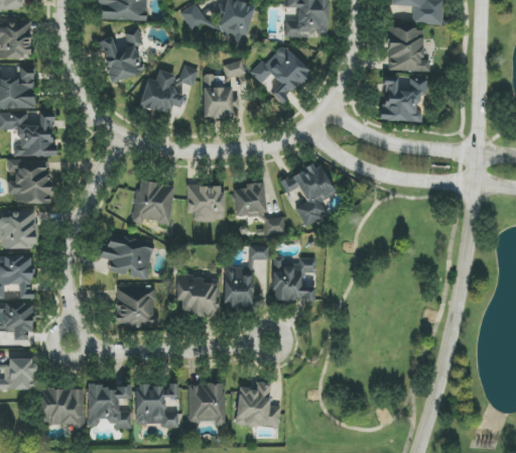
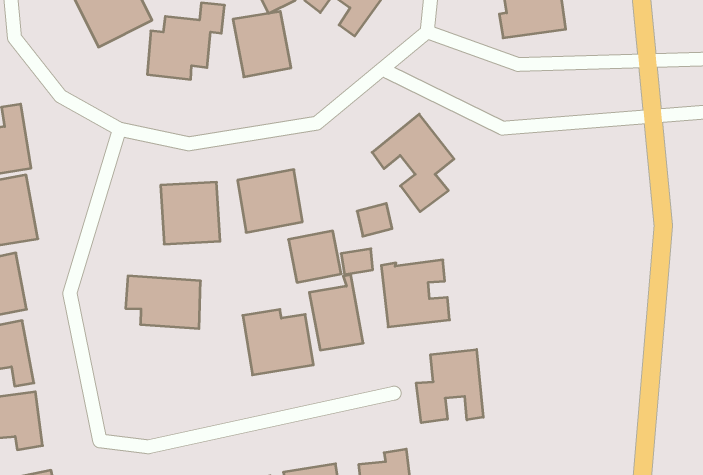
building: [234,185,265,215] -> [288,231,341,282]
building: [116,285,160,329] -> none
building: none -> [416,349,483,423]

